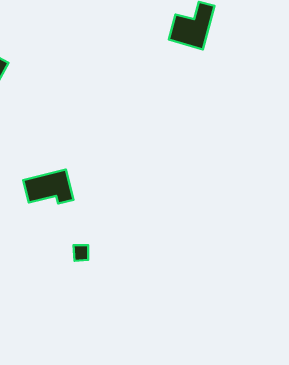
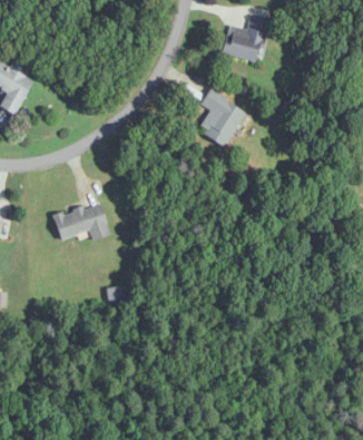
building: none -> [199,88,246,146]

